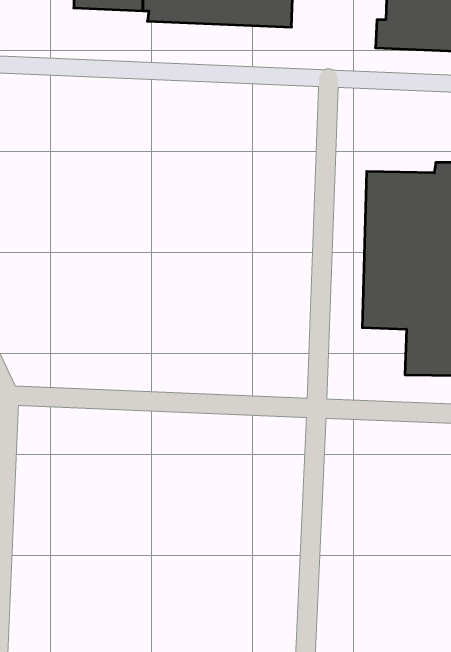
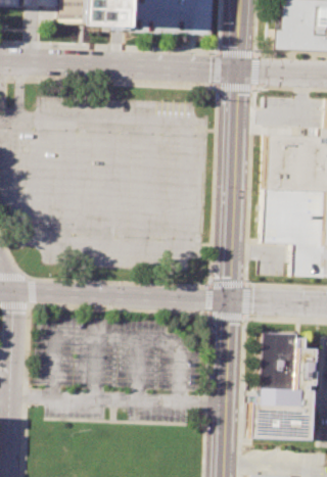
building: none -> [247,332,314,441]

